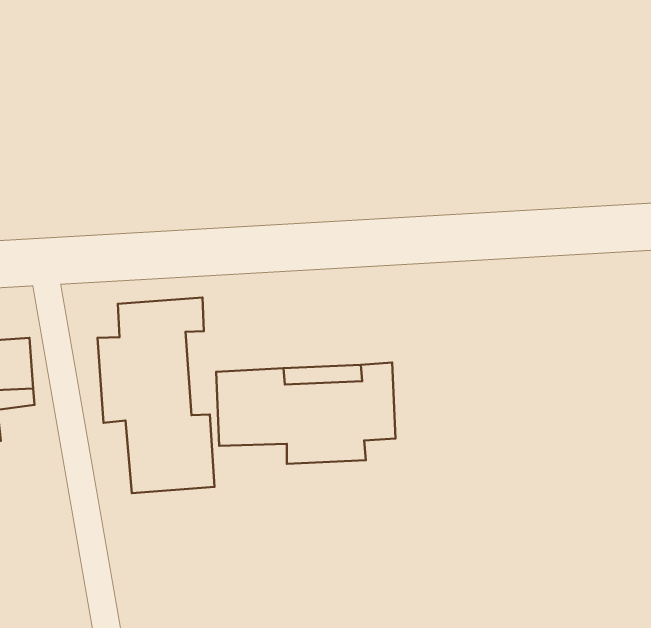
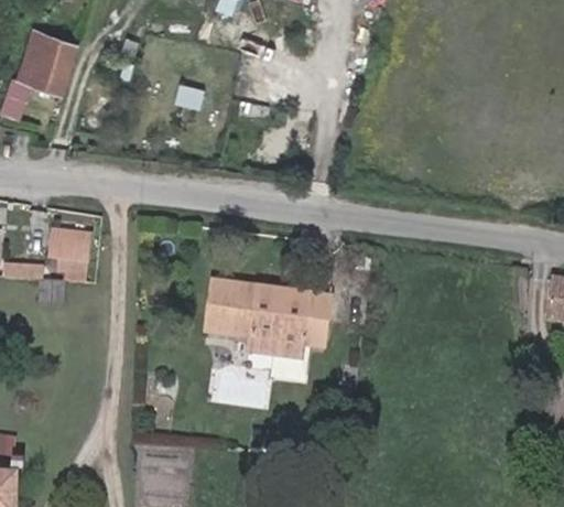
building: [98,298,215,493] -> none

